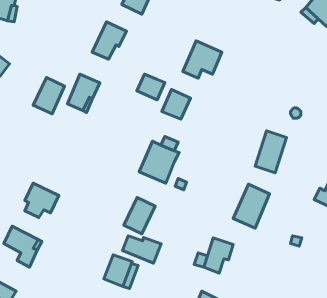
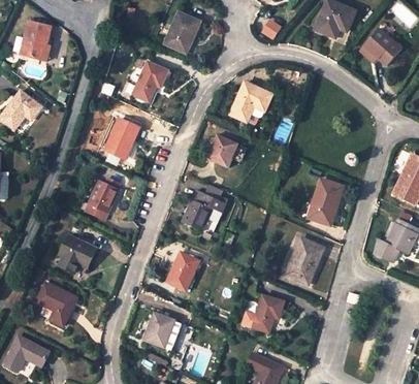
building: [137,74,165,100] -> none
building: [33,77,65,114] -> [84,181,118,220]
building: [123,236,161,263] -> none

